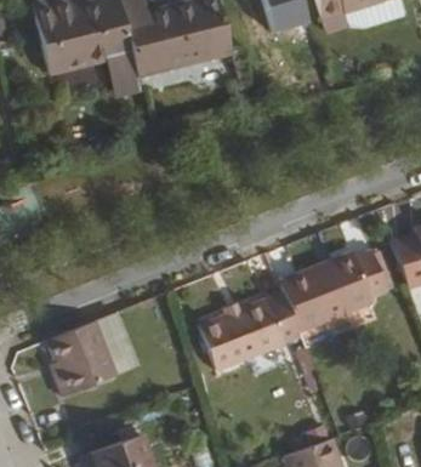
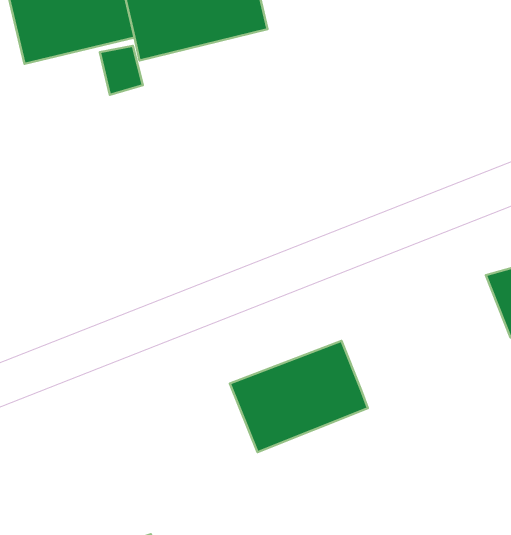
building: [281,246,386,324] -> none
building: [50,317,119,392] -> none

